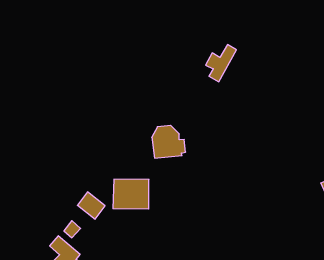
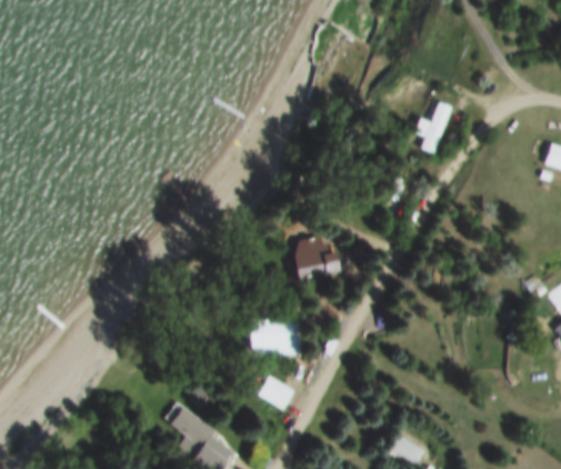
building: [206,45,236,82] -> [413,102,452,154]
building: [77,192,105,219] -> [257,375,294,410]

